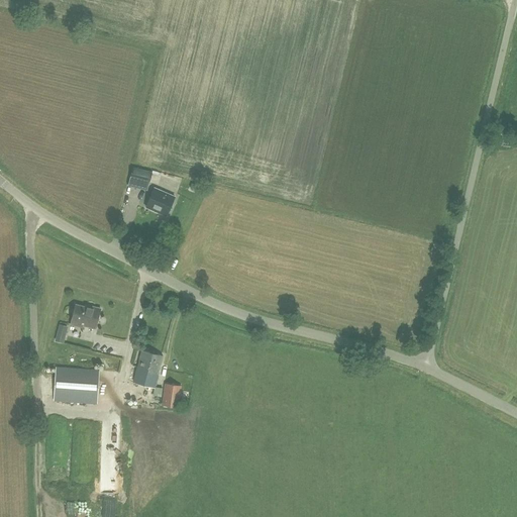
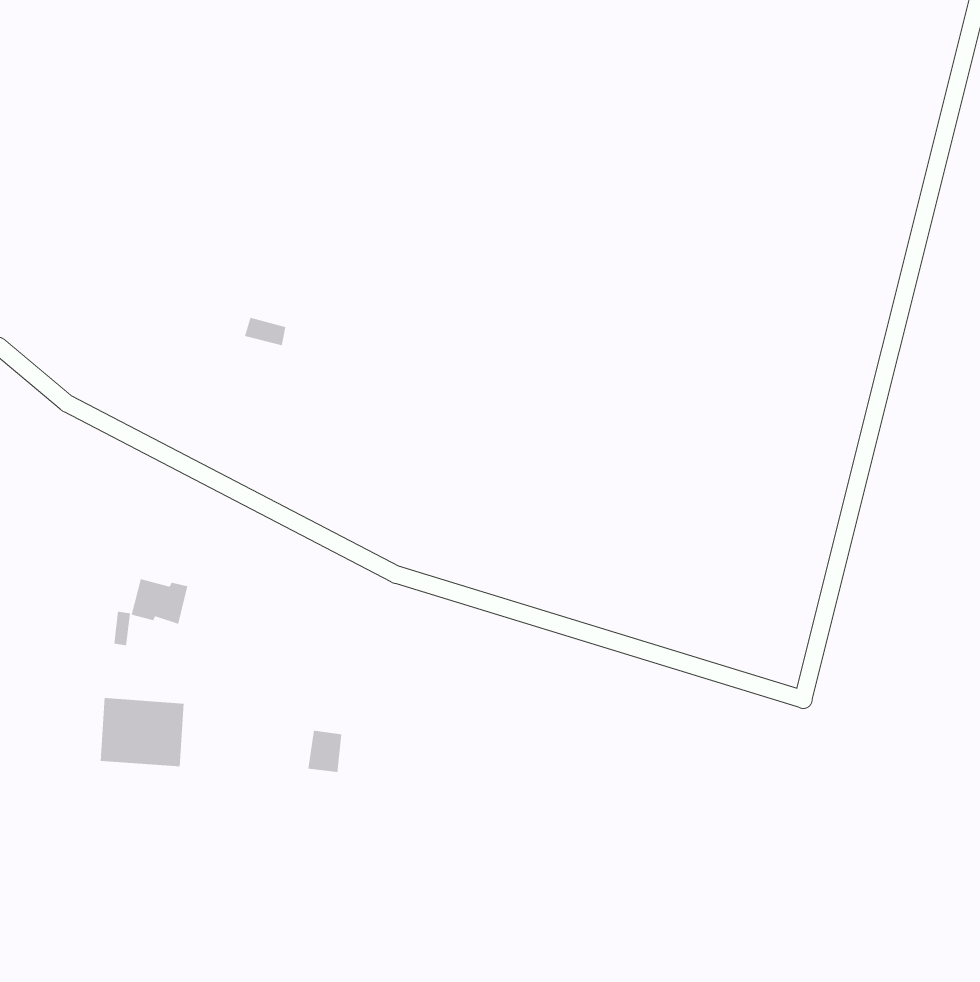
building: [144,187,174,216] -> none
building: [133,349,162,387] -> none

